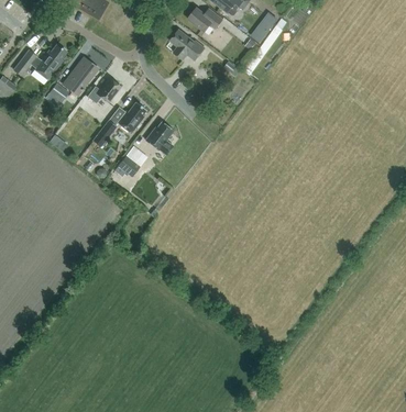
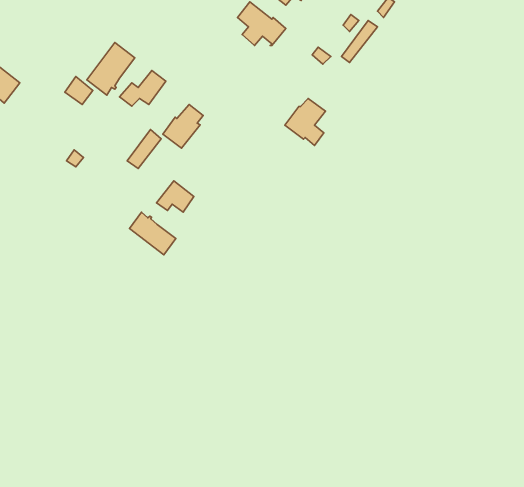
building: [13,43,66,78] -> none
building: [145,121,174,154] -> [285,99,325,145]
building: none -> [130,212,176,255]

